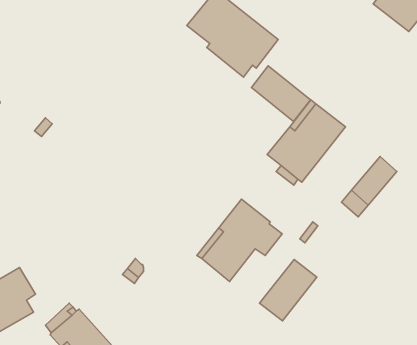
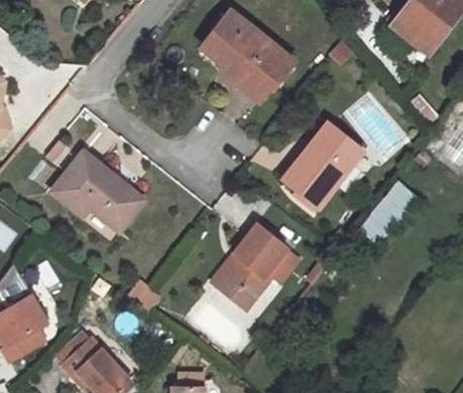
building: [251,66,310,121] -> none
building: none -> [52,152,144,230]
building: [260,260,317,321] -> none

